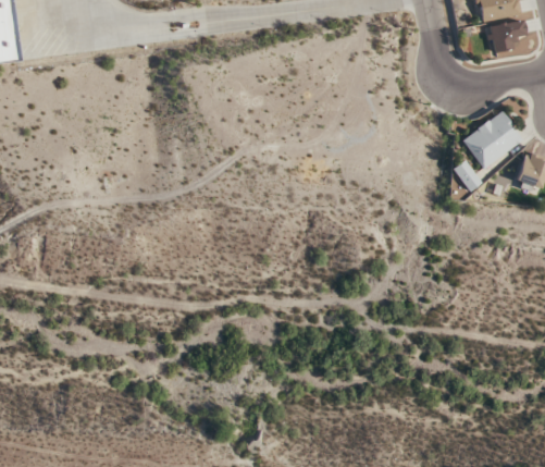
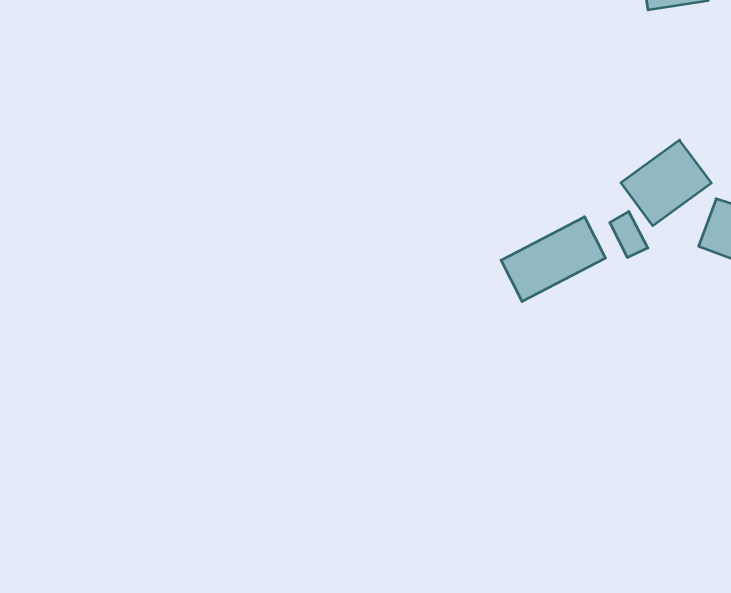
building: [486,20,525,52] -> none
building: none -> [501,217,605,302]

